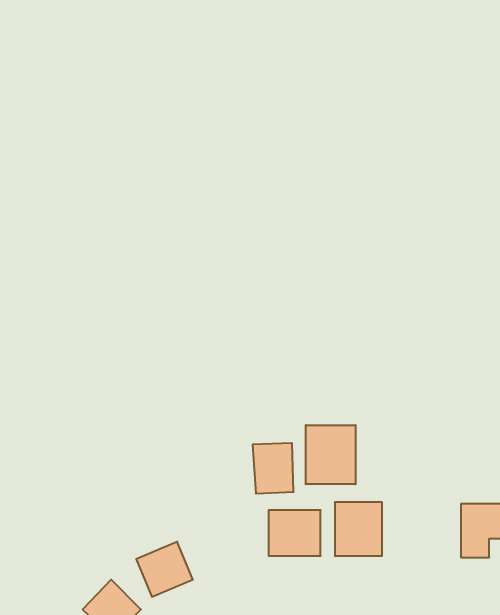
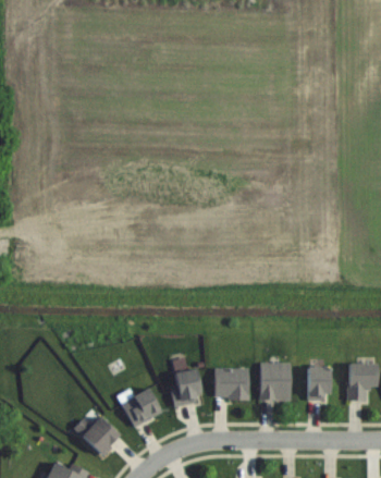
building: [306,425,356,484] -> none
building: [253,443,294,493] -> [172,370,200,405]
building: none -> [304,367,330,399]

